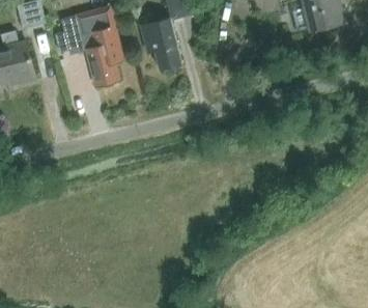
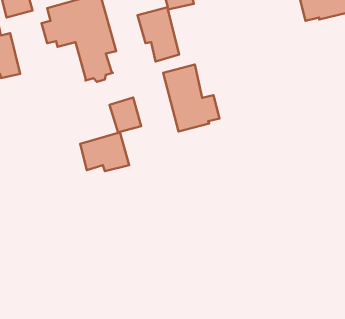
building: none -> [163,65,219,131]
building: none -> [80,98,141,171]

